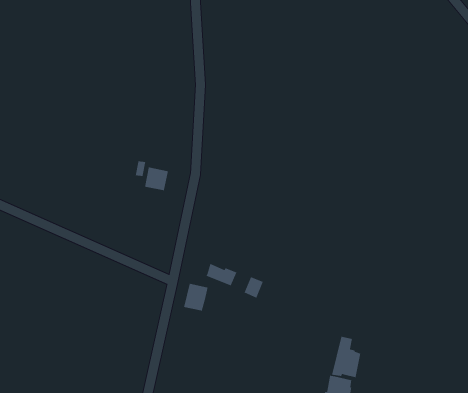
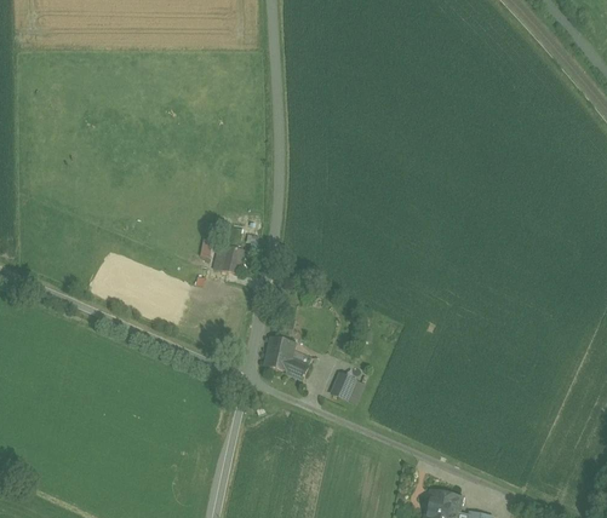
building: [183,283,209,312] -> [264,336,294,370]
building: [331,336,361,378] -> none

